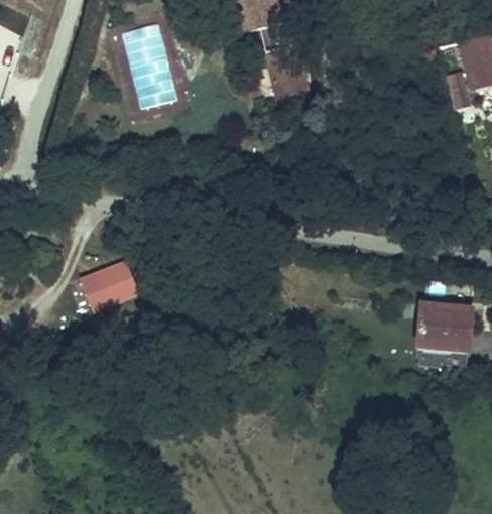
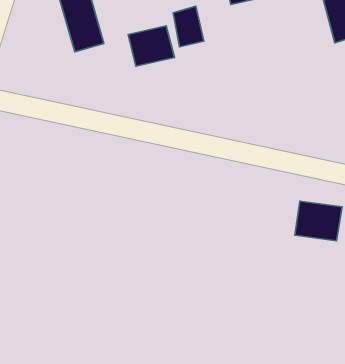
building: none -> [128,26,175,66]
building: [88,261,141,305] -> none

